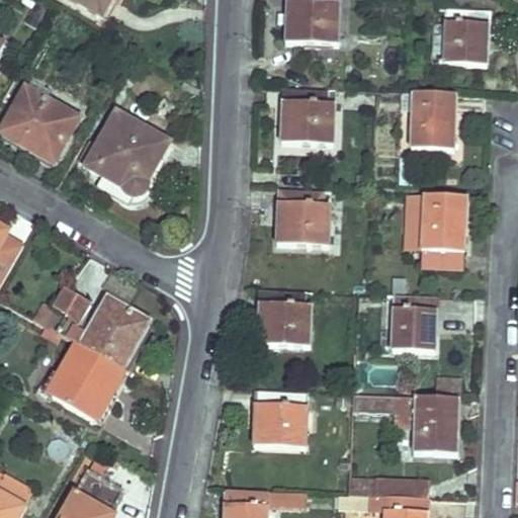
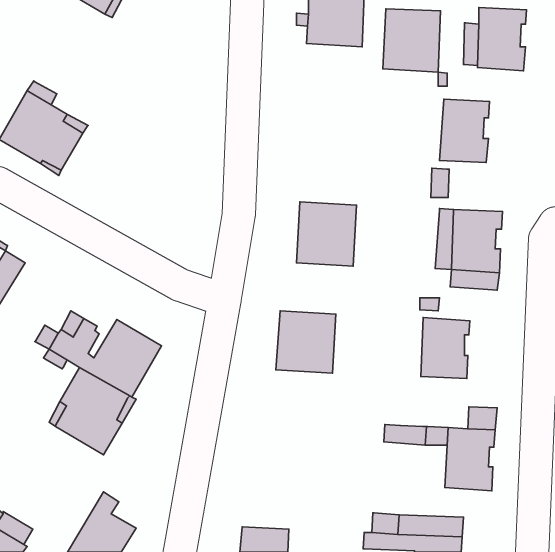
building: [280,86,334,145] -> [383,9,441,72]
building: [80,111,170,195] -> none
building: [253,390,307,448] -> none

